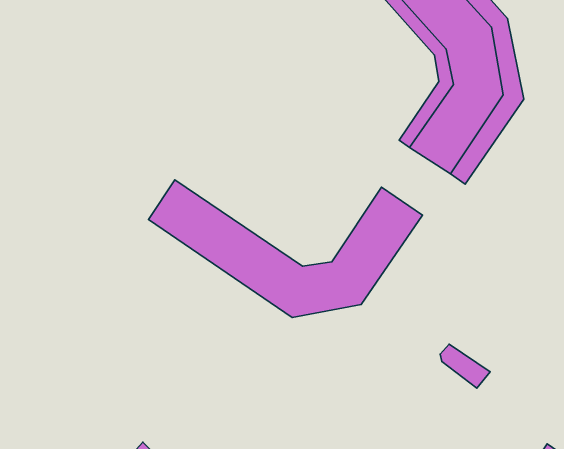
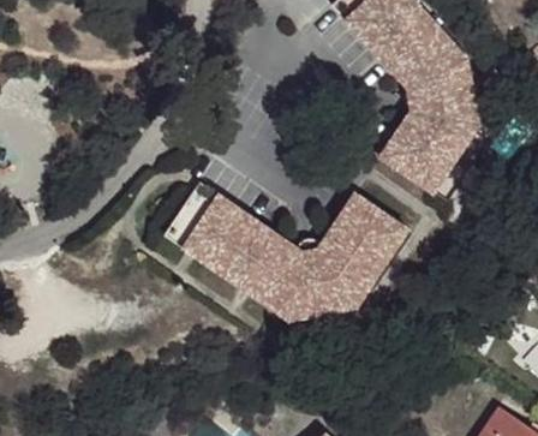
building: none -> [195,181,364,262]
building: none -> [165,220,410,319]

